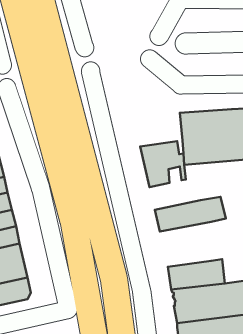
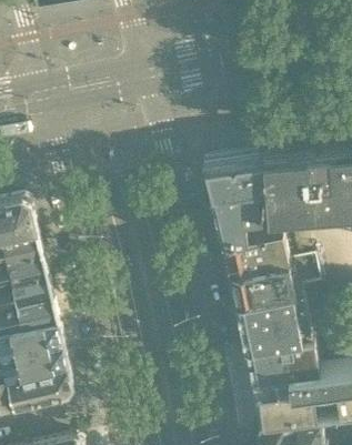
building: none -> [203,153,265,196]
building: none -> [223,235,289,277]
building: none -> [237,293,309,351]

